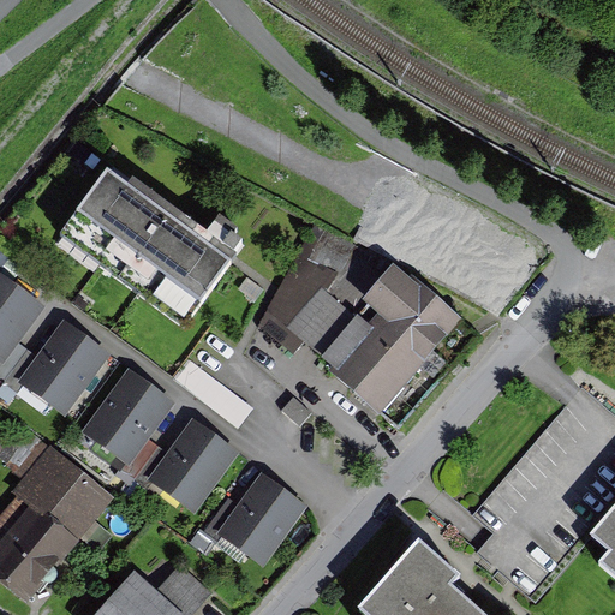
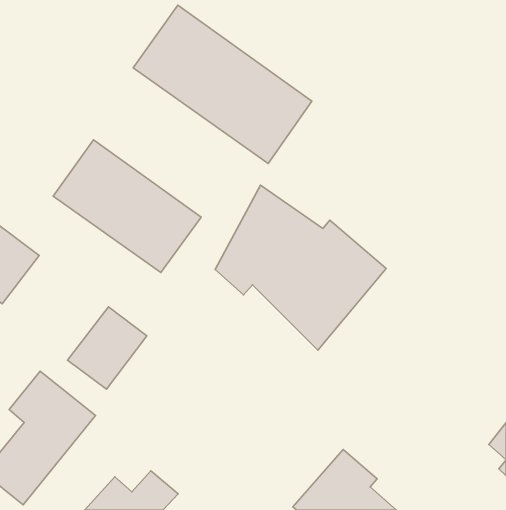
building: none -> [133,5,312,164]
building: [17,317,112,416] -> none
building: [145,416,240,514] -> none
building: [216,471,308,566] -> none

